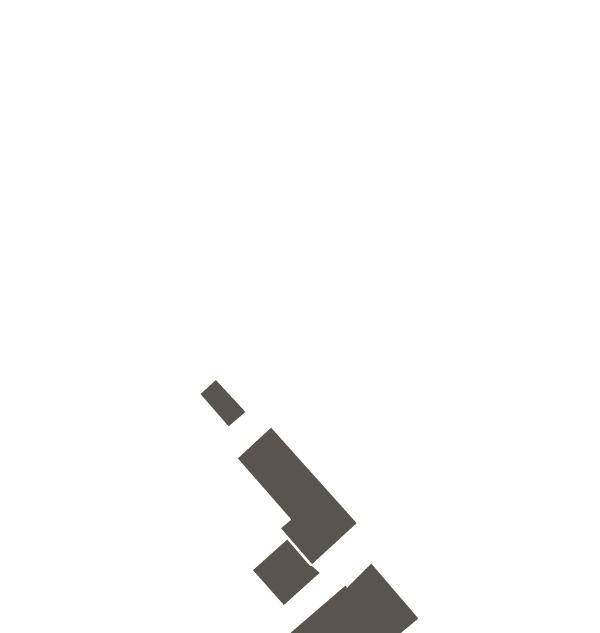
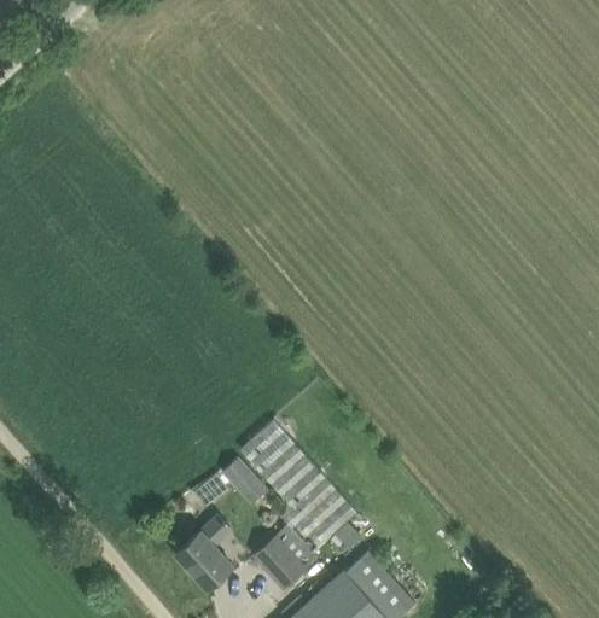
building: [199,379,246,427] -> [222,457,267,503]
building: none -> [175,515,232,589]

